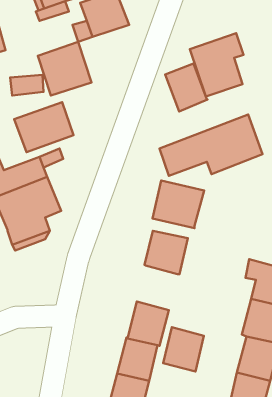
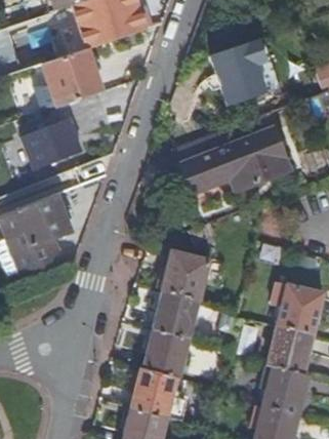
building: [165,63,208,112] -> none
building: [152,180,204,228] -> none
building: [163,327,204,372] -> [154,290,198,338]

